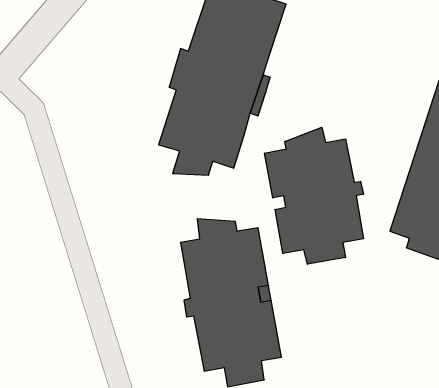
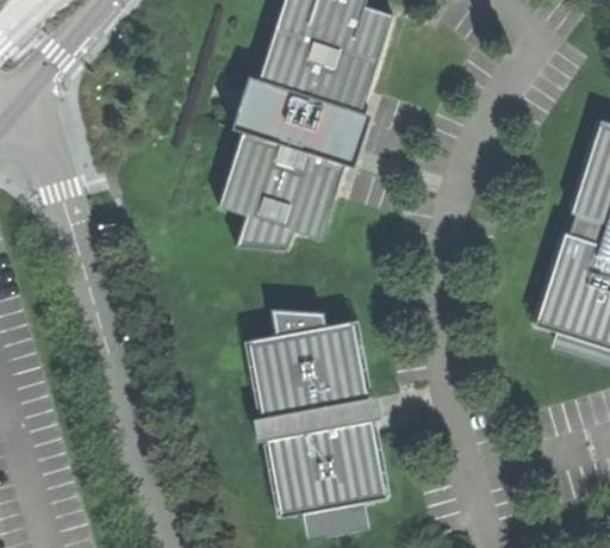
building: [265,127,364,264] -> none

